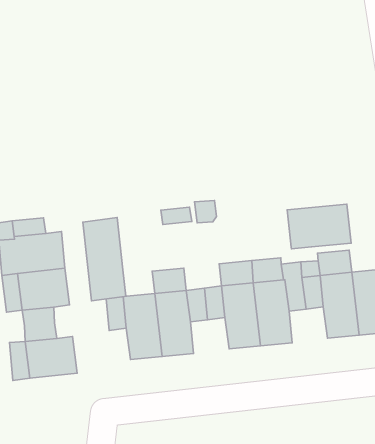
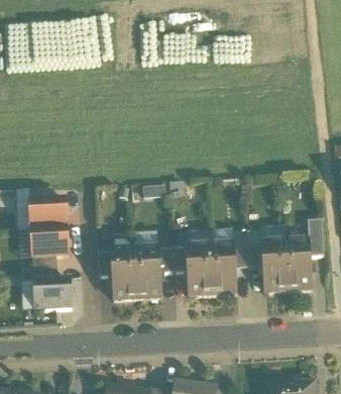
building: [287,204,351,249] -> none
building: [83,217,126,301] -> none

